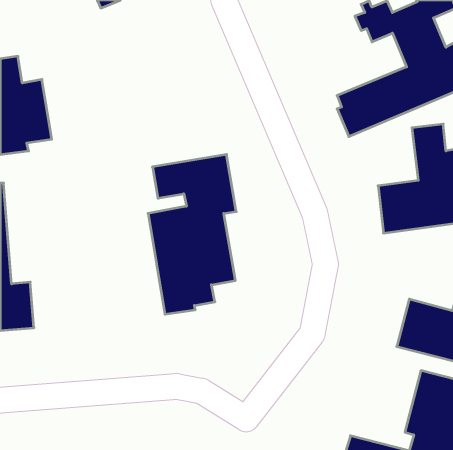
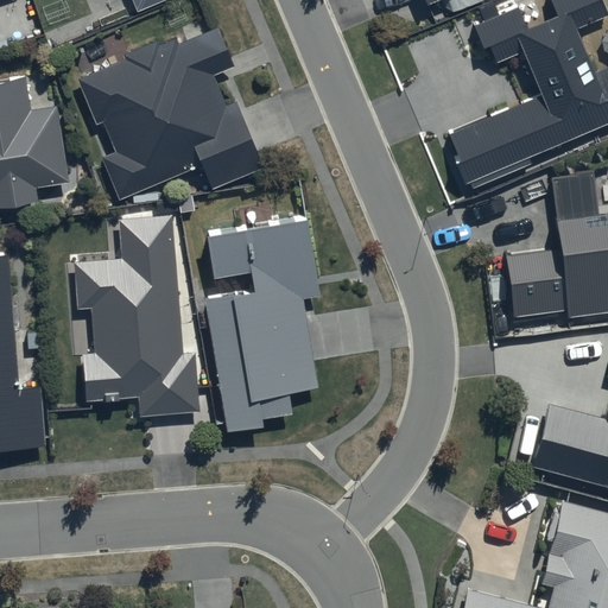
building: none -> [75,26,261,200]
building: none -> [75,216,201,418]

